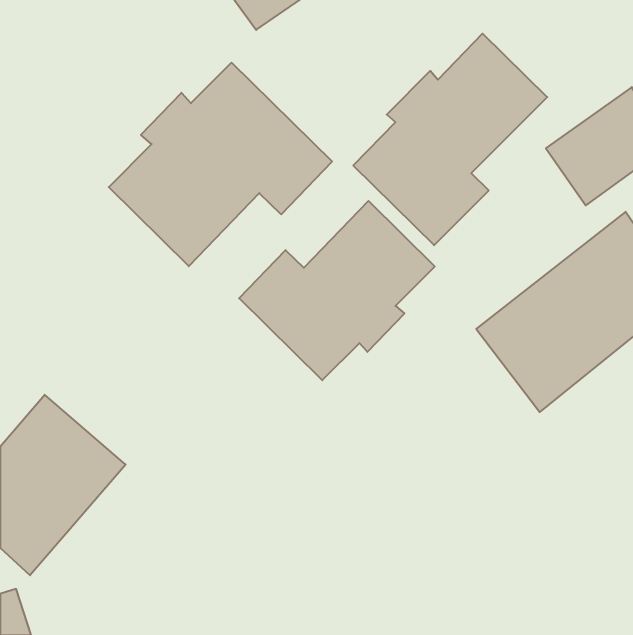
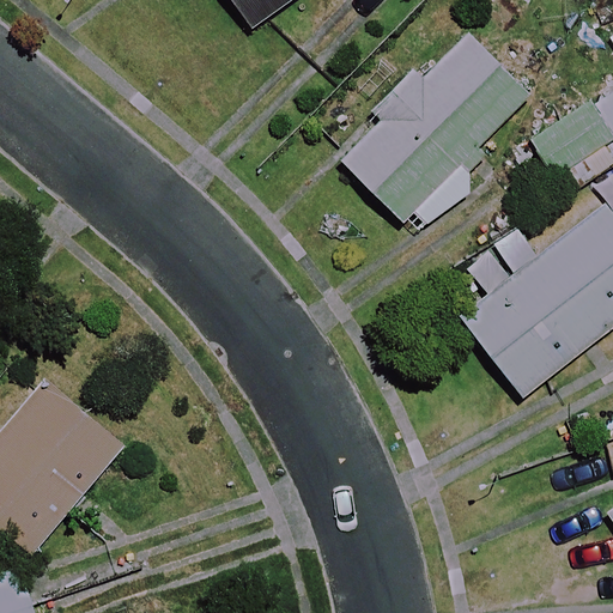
building: [109,63,332,266] -> none
building: [239,201,435,380] -> none

